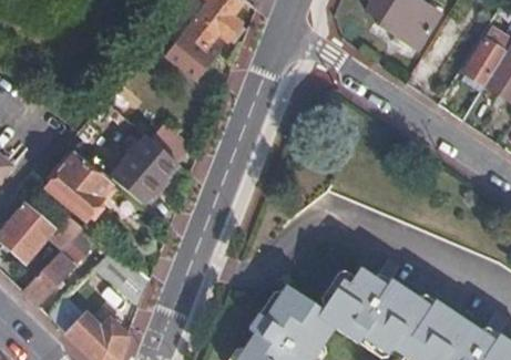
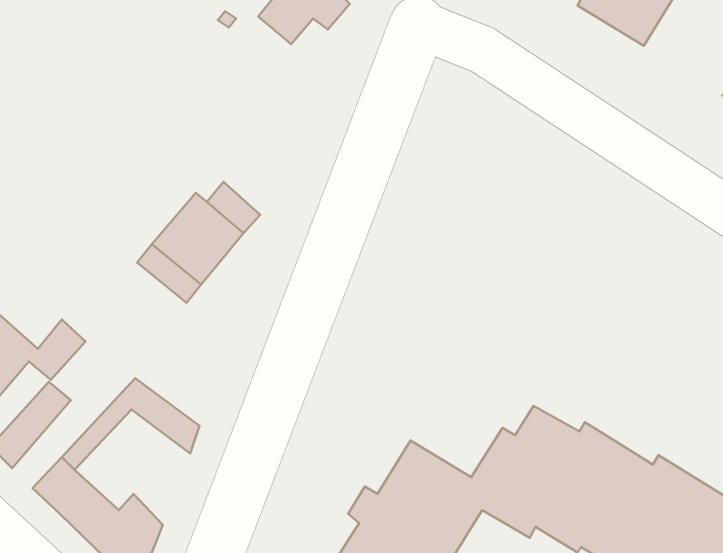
building: [161,33,213,83] -> none
building: [48,155,106,217] -> none

